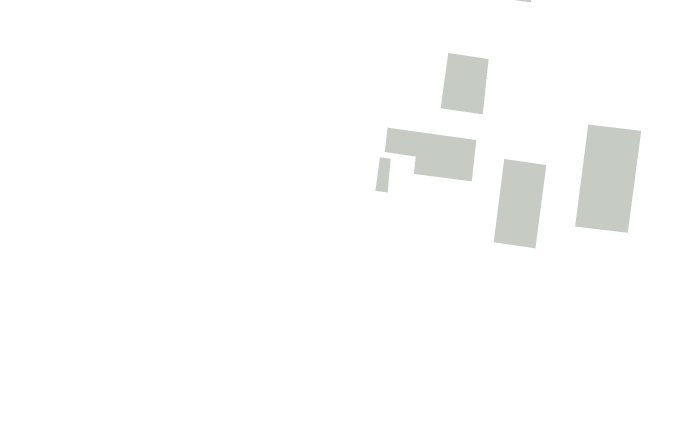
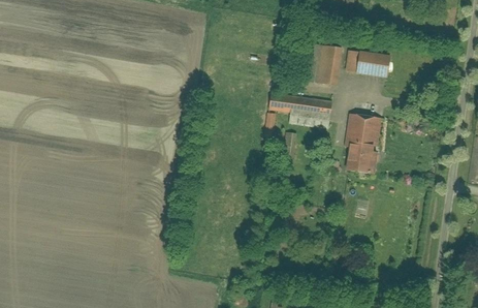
building: none -> [349,49,391,74]
building: [575,124,642,234] -> none

